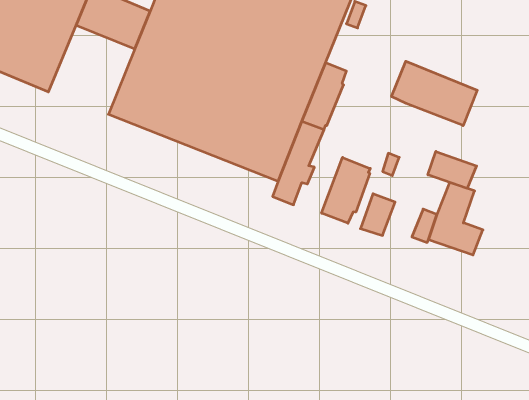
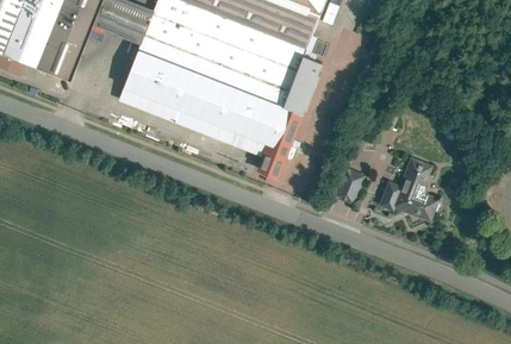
building: [392,61,477,126] -> none
building: [428,151,477,188] -> none
building: [322,157,370,223] -> none

